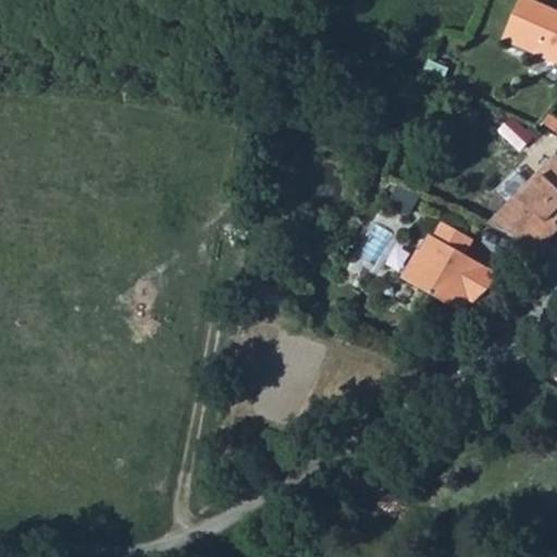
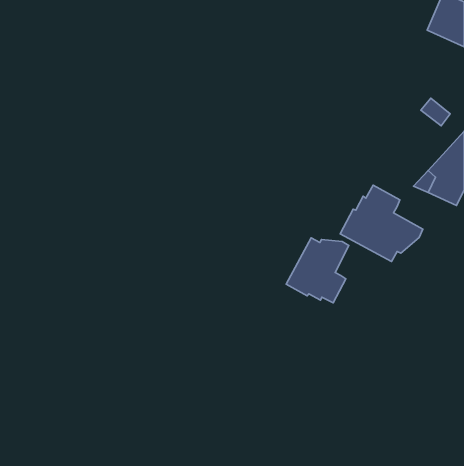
building: none -> [286,238,349,303]

